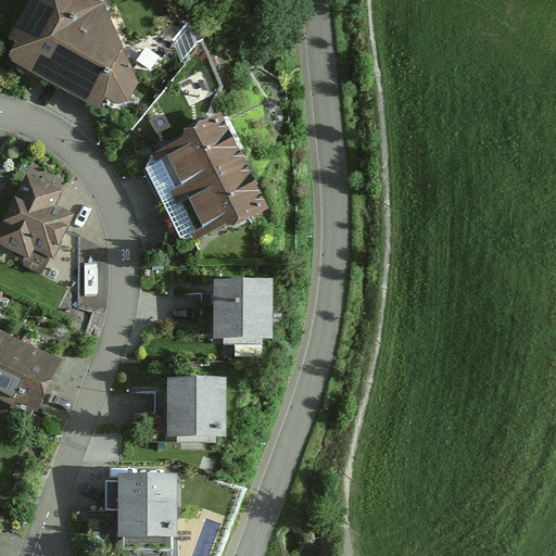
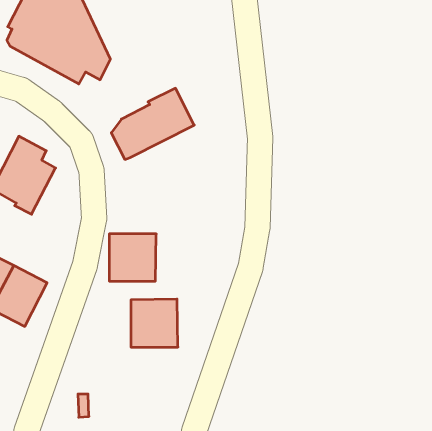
building: [159,159,265,239] -> none
building: [213,279,273,339] -> [109,234,156,281]
building: [117,476,178,540] -> none

